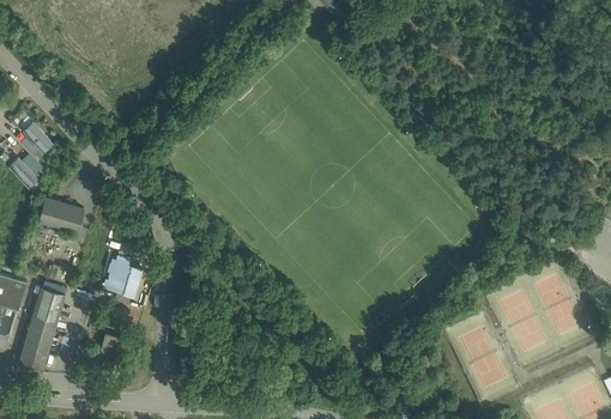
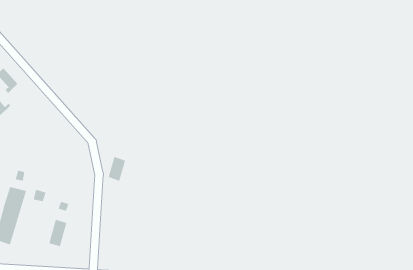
building: [36,196,81,231] -> none
building: [115,261,140,296] -> [108,156,126,181]

